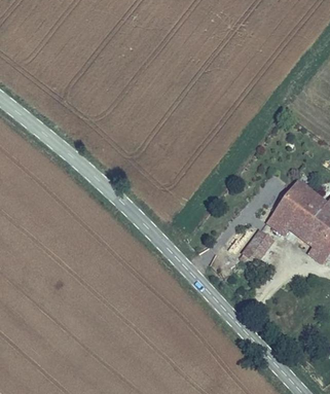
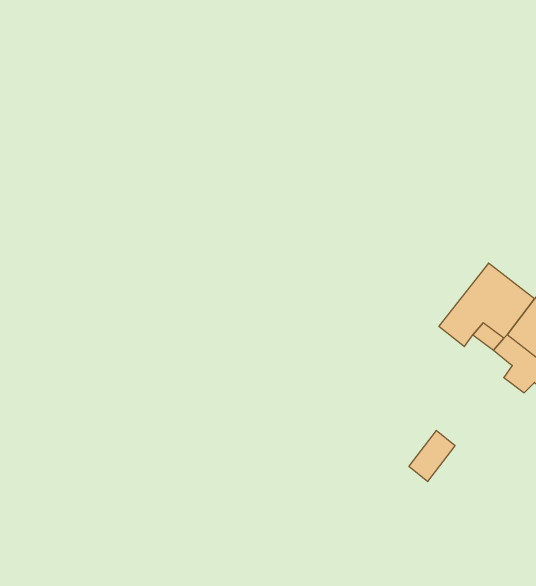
building: [243,231,270,262] -> [409,430,455,482]

